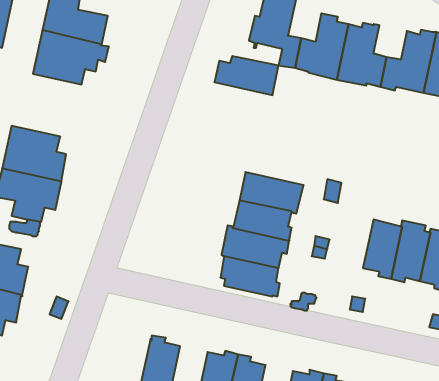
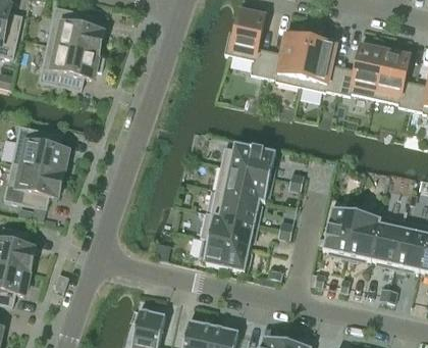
building: [214,56,279,95] -> [220,144,275,178]

